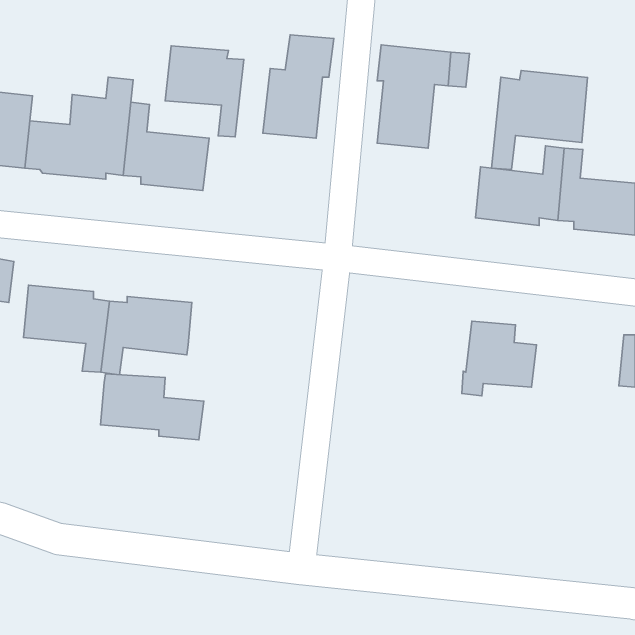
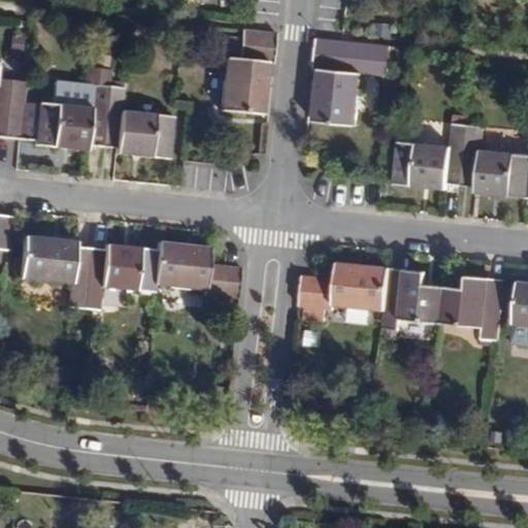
building: [165,46,244,137] -> none
building: [491,71,587,169] -> none
building: none -> [299,262,391,309]
building: none -> [440,274,503,339]
building: [100,374,204,440] -> [156,244,241,299]

